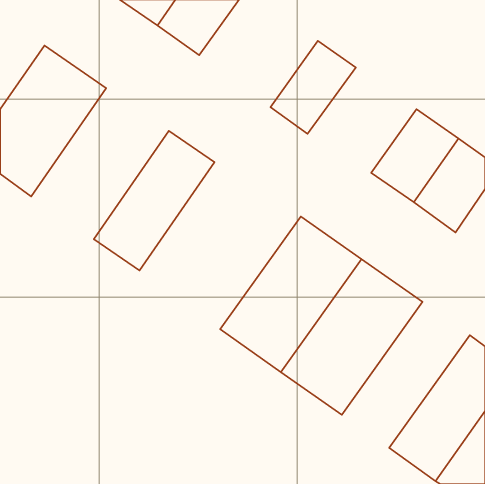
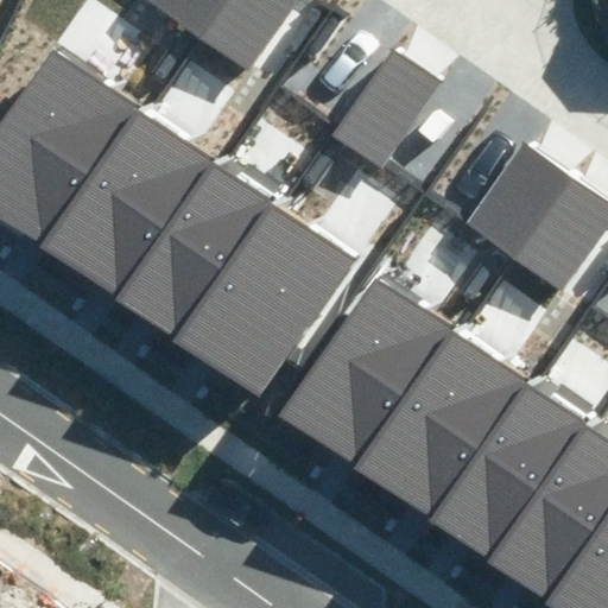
building: none -> [39,110,211,299]
building: none -> [175,203,354,397]
building: none -> [428,378,588,560]

